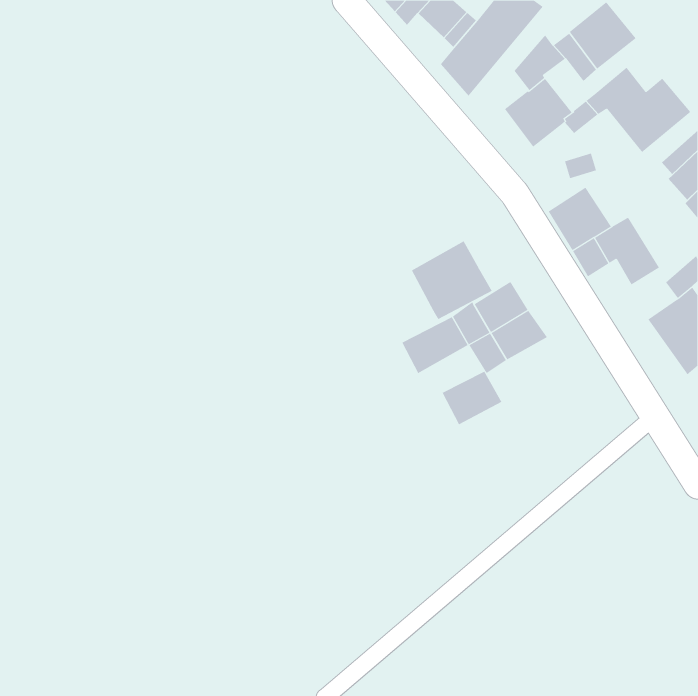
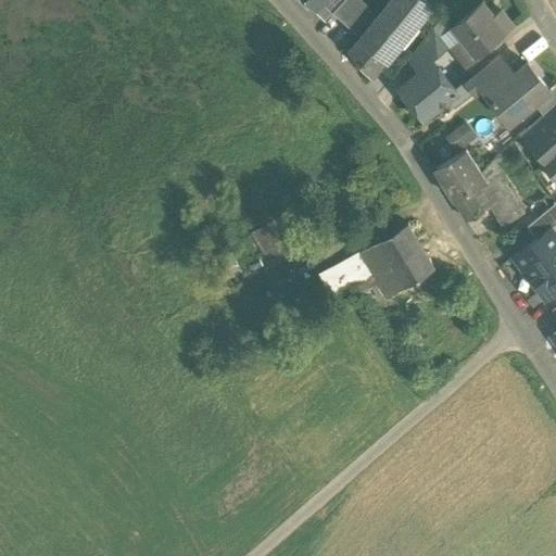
building: [411,241,492,320] -> none
building: [442,371,502,425] -> none

